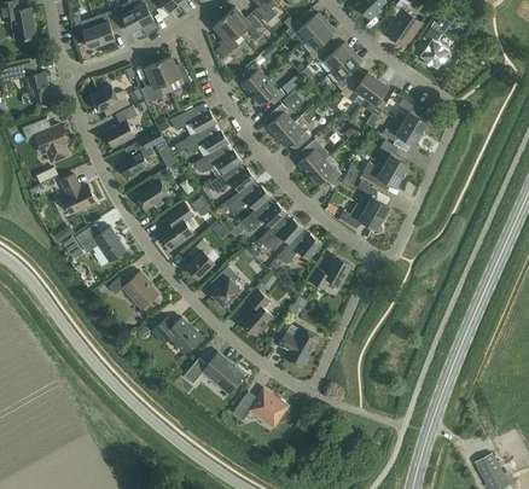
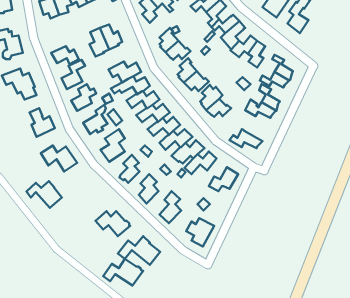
building: [356,181,389,220] -> none
building: [107,272,157,309] -> [26,181,62,208]
building: [232,389,287,426] -> [103,259,143,286]

